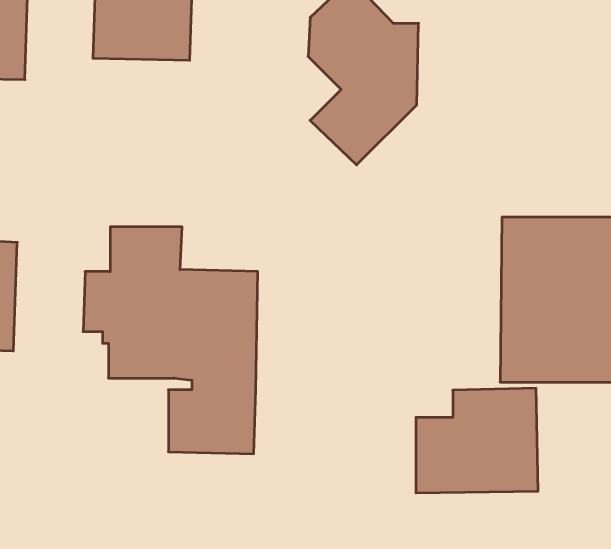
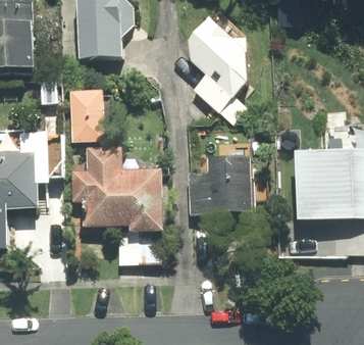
building: none -> [68,89,104,141]
building: [416,388,538,493] -> [189,156,253,211]

